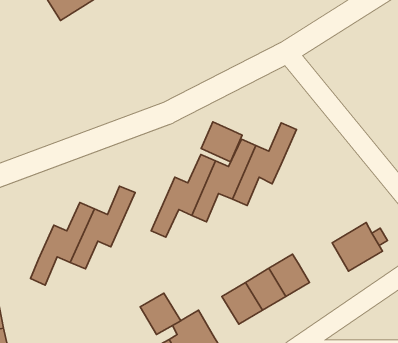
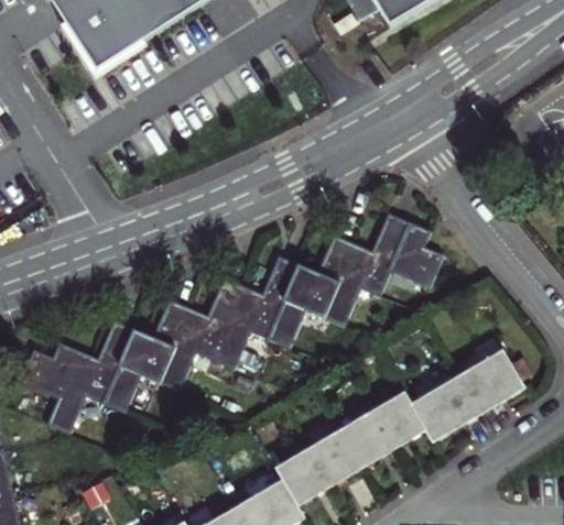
building: [201,122,242,162] -> none
building: none -> [389,221,441,285]
building: none -> [158,277,245,390]
building: none -> [21,342,80,397]
building: none -> [412,375,480,440]
building: [140,293,181,334] -> [276,448,332,504]

